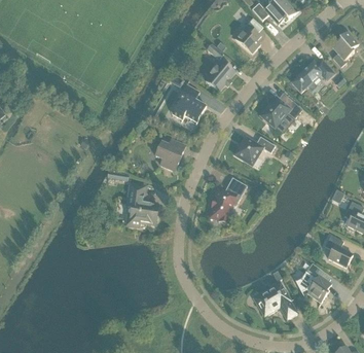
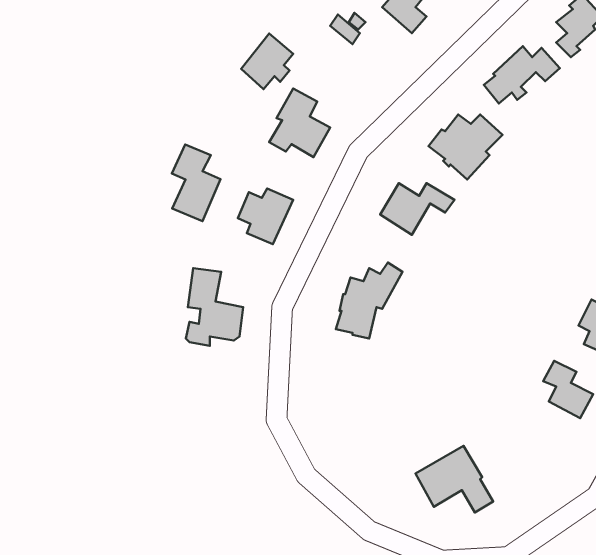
building: [205,59,233,90] -> [241,34,293,89]
building: none -> [172,145,220,221]
building: [294,272,330,301] -> none

